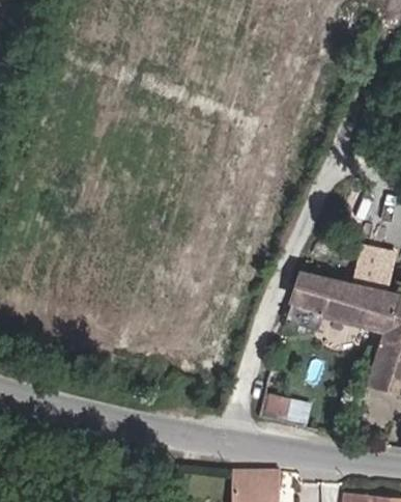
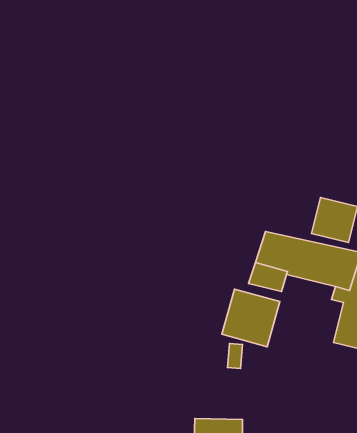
building: none -> [222,289,280,347]

